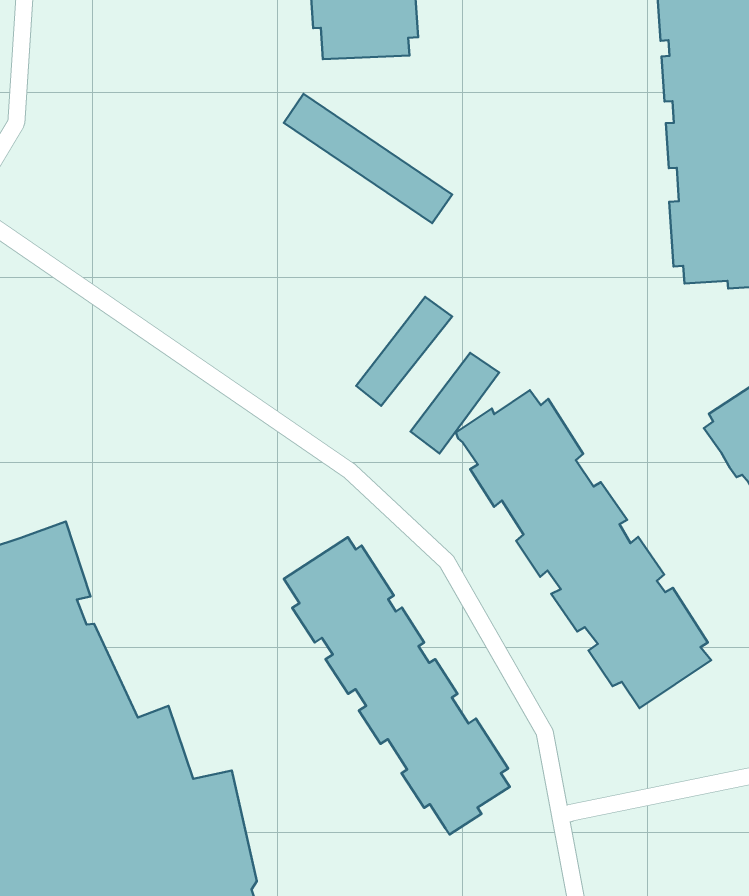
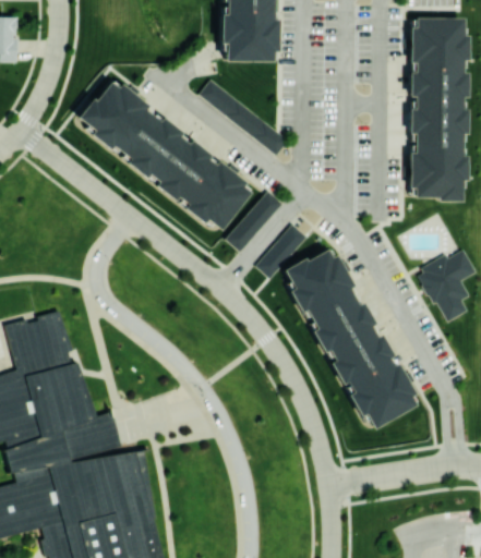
building: none -> [75,81,250,229]
building: [284,537,510,834] -> none

